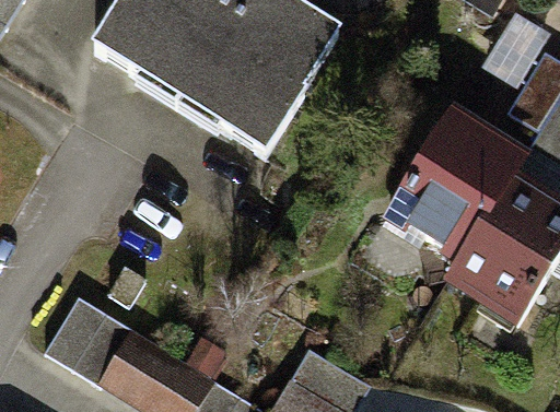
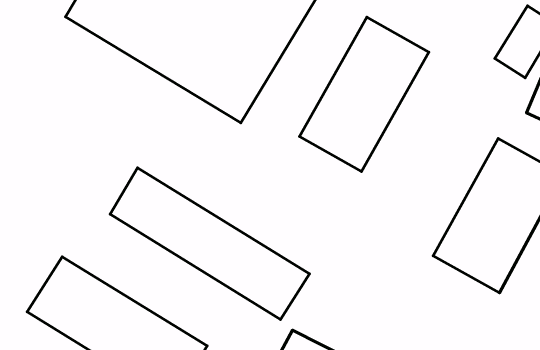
building: [393,117,518,267] -> [300,17,429,171]
building: none -> [110,168,309,319]

